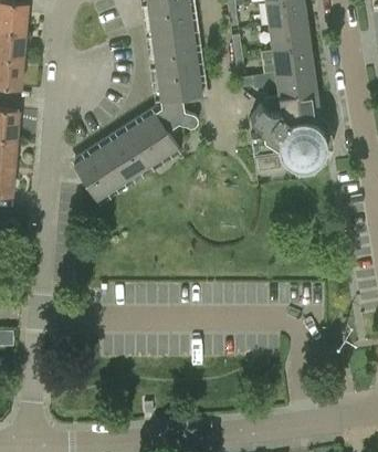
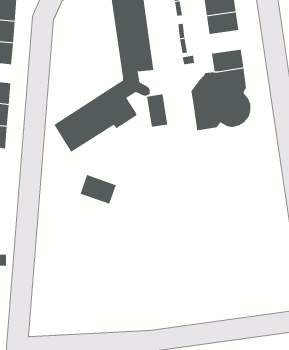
building: [272,44,314,74] -> none
building: none -> [147,94,168,128]
building: none -> [80,174,117,205]

